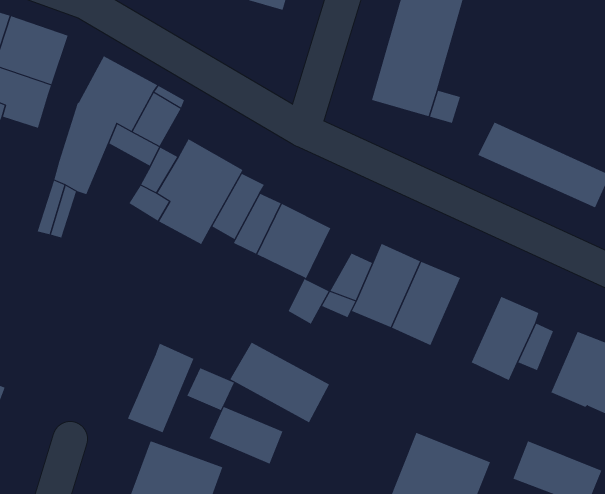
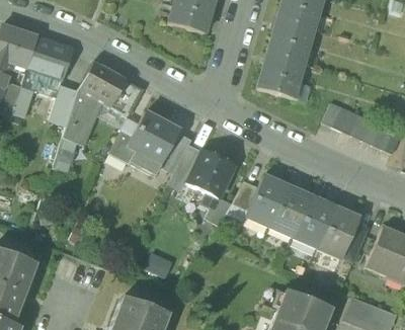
building: none -> [51,85,79,126]
building: none -> [295,196,337,248]
building: [229,342,330,423] -> none
building: [127,343,194,433] -> none
building: [209,406,283,465] -> none

